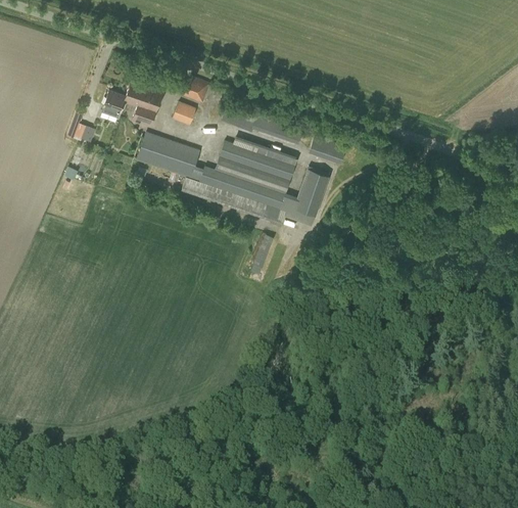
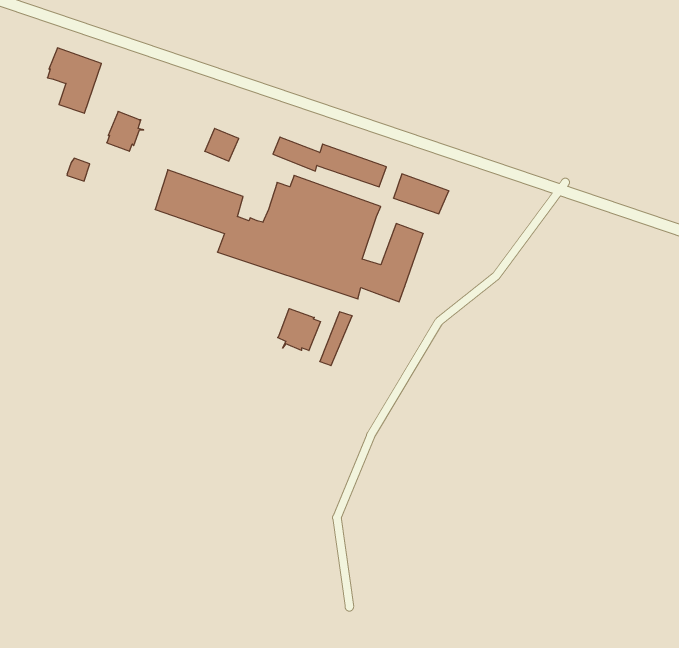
building: [182,75,210,103] -> none
building: [124,80,162,127] -> [47,48,101,113]
building: none -> [278,309,321,351]

